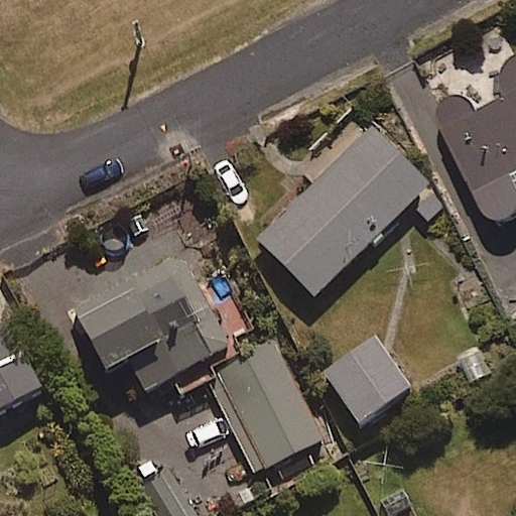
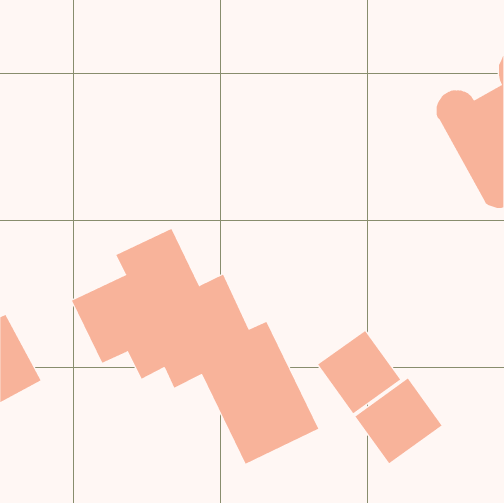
building: [258,128,429,297] -> none
building: none -> [355,378,442,464]

